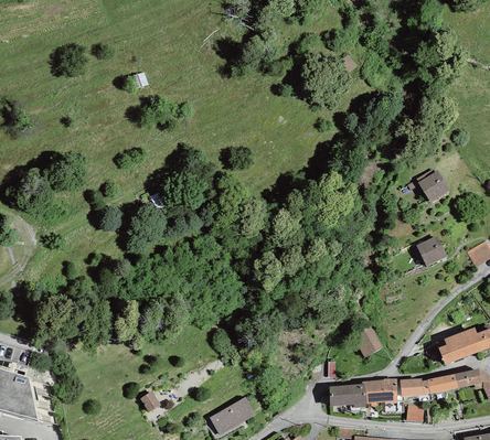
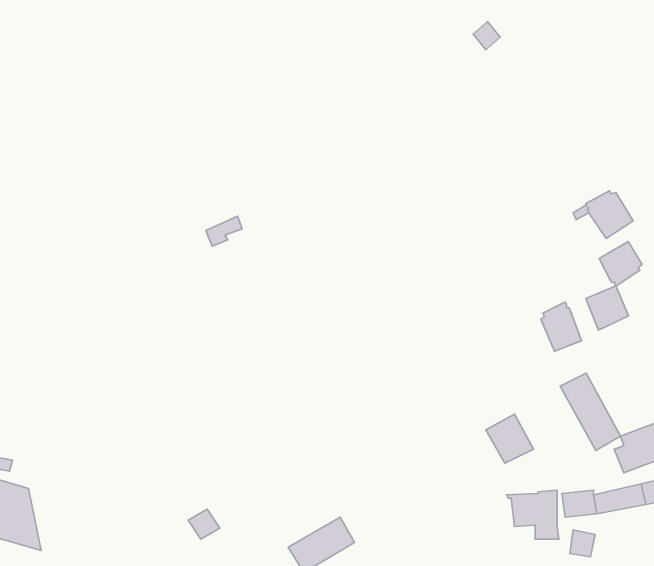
building: none -> [599,242,642,286]
building: none -> [541,302,582,351]
building: none -> [560,373,621,450]
building: [330,383,368,407] -> none

